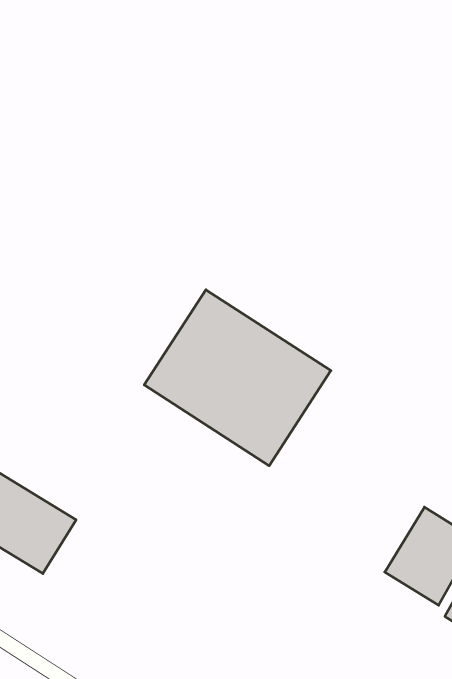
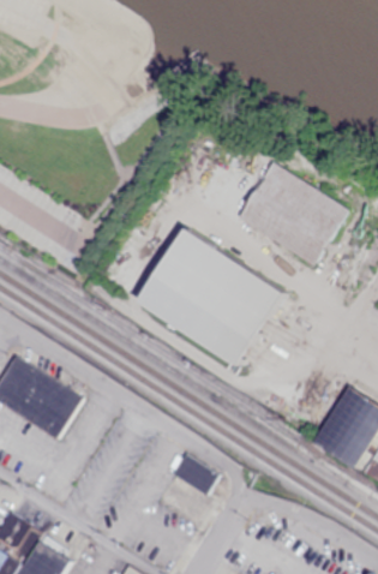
building: none -> [239,161,344,259]

